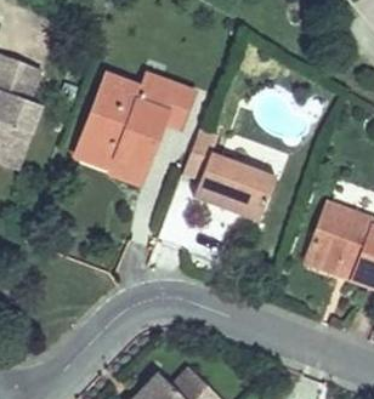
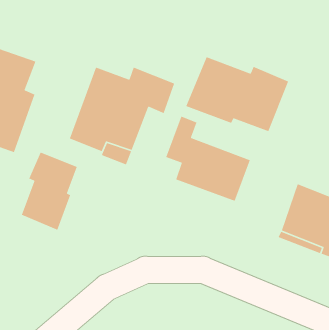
building: none -> [185,56,289,132]
building: none -> [21,151,78,231]

